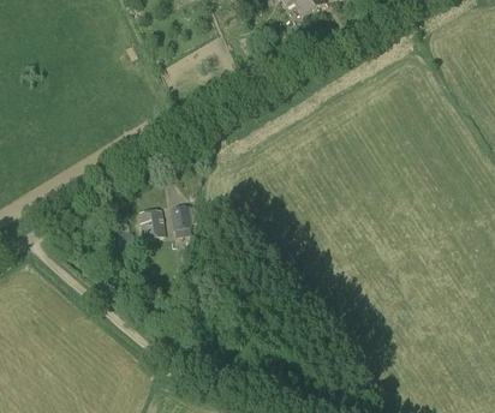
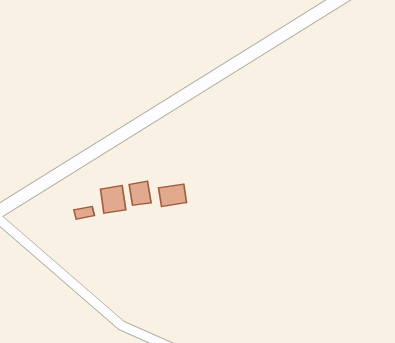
building: none -> [159,184,187,206]

